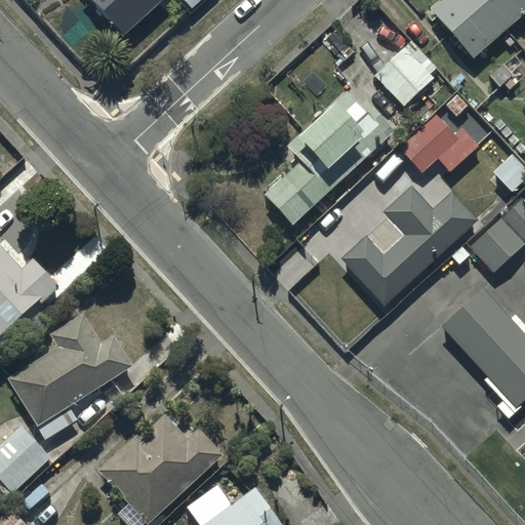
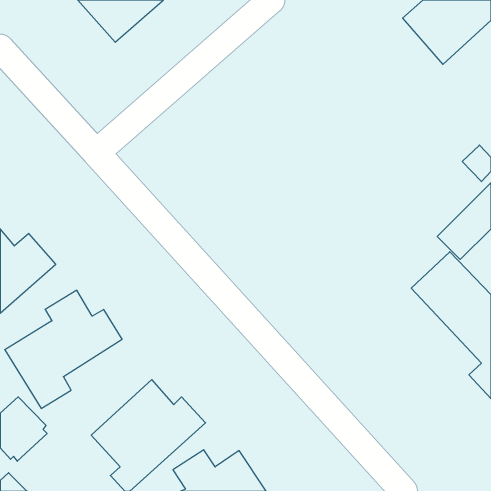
building: [374,54,434,114] -> none
building: [262,100,392,235] -> none
building: [401,117,479,174] -> none
building: [340,187,478,308] -> none

